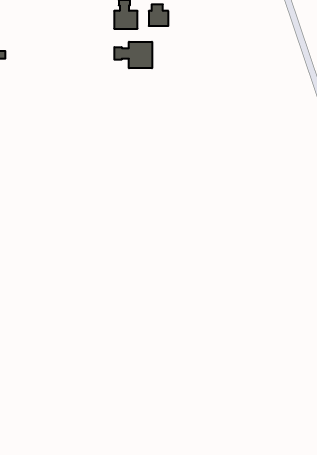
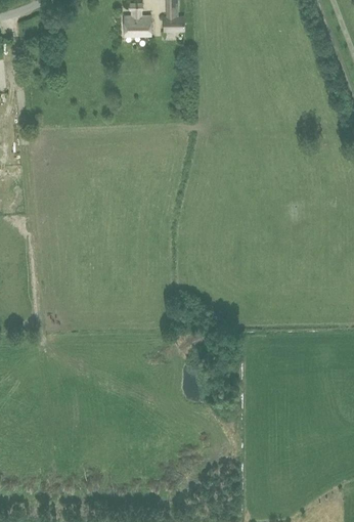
building: [114,42,152,68] -> none

